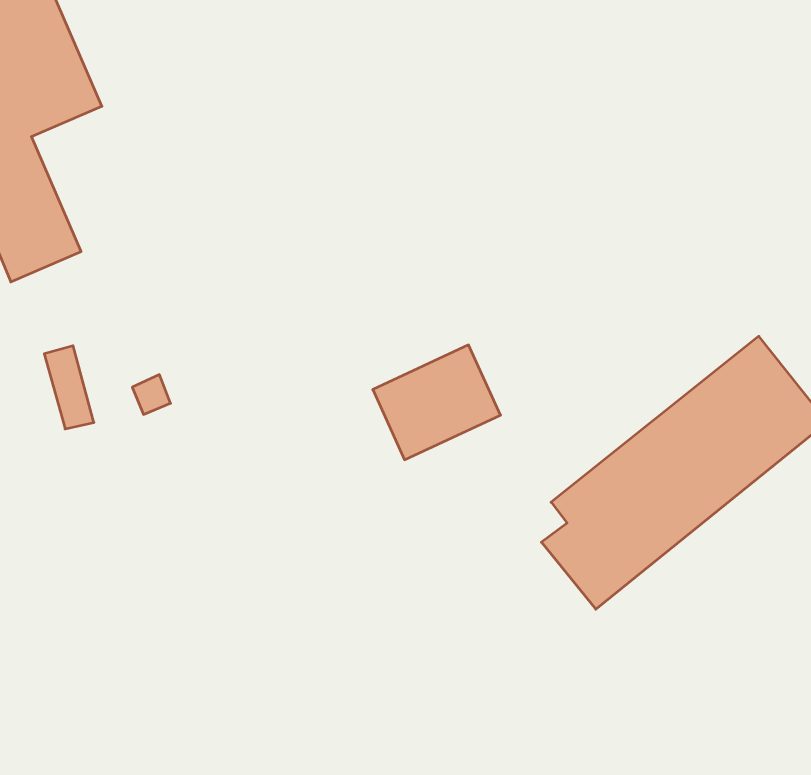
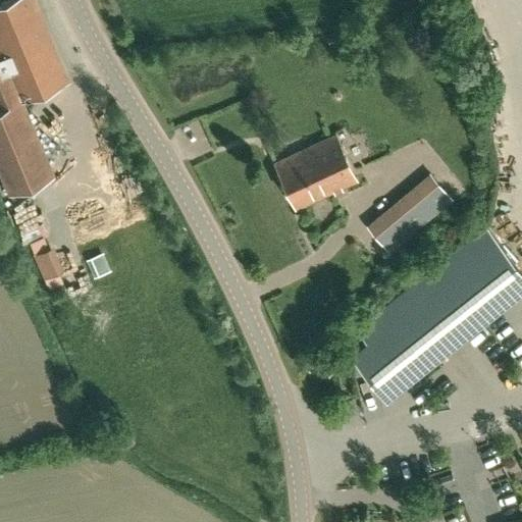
building: none -> [368,176,452,254]
building: [373,345,501,460] -> [275,138,357,211]

